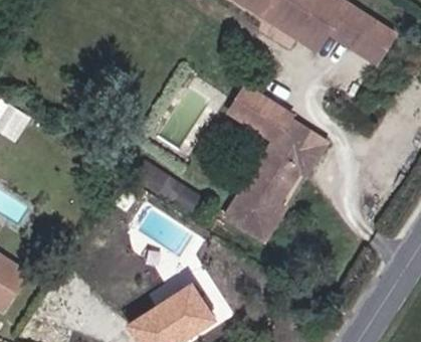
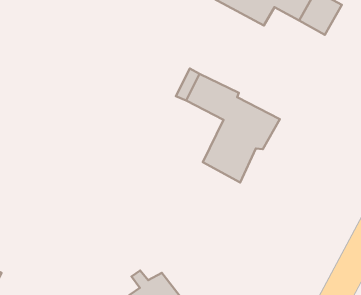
building: [222,181,285,243] -> none

